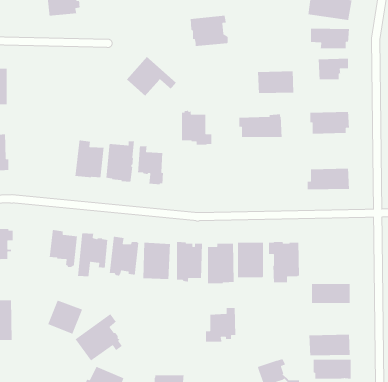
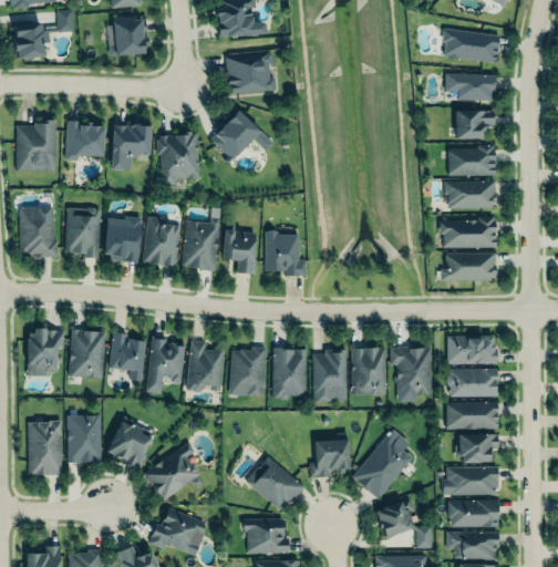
building: [190,15,228,47] -> [226,53,276,94]
building: none -> [66,122,105,161]
building: none -> [111,125,152,172]
building: [257,71,294,94] -> [447,147,495,177]
building: none -> [157,133,199,186]
building: [181,109,212,146] -> [266,230,306,277]
building: [239,114,282,138] -> [440,217,496,248]
building: none -> [64,209,101,259]
building: none -> [103,215,143,265]
building: none -> [69,331,104,379]
building: none -> [447,334,497,363]
building: none -> [446,368,497,396]
building: none -> [68,416,102,463]
building: none -> [353,429,413,497]
building: none -> [456,435,497,463]
building: none -> [246,457,303,514]

